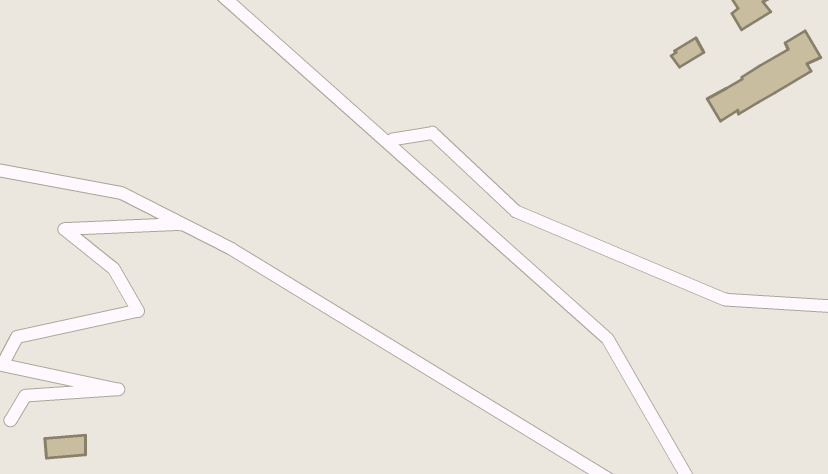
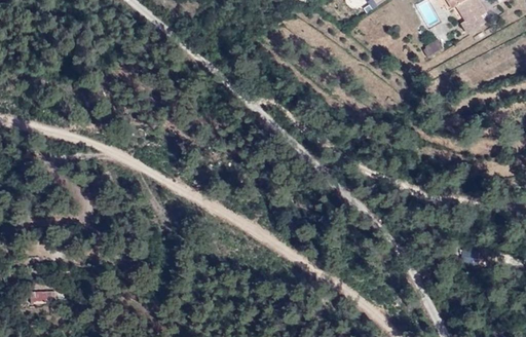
building: [707,31,821,121] -> none

